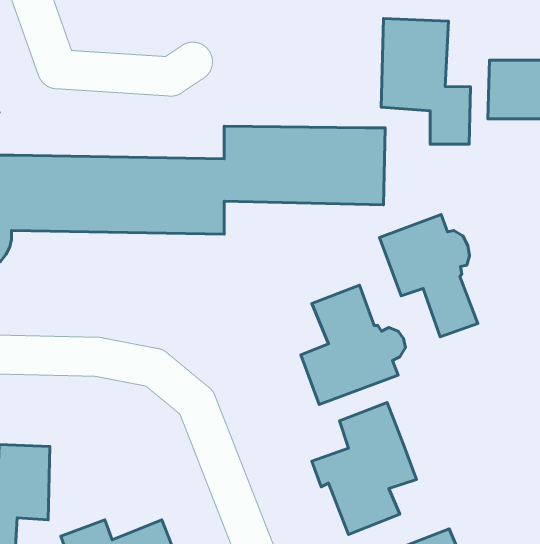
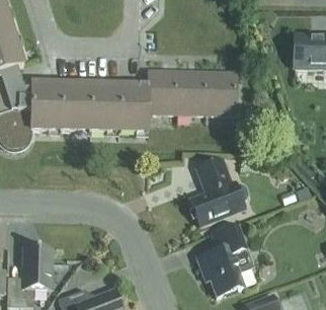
building: [381,19,470,144] -> none
building: [380,215,478,337] -> none

